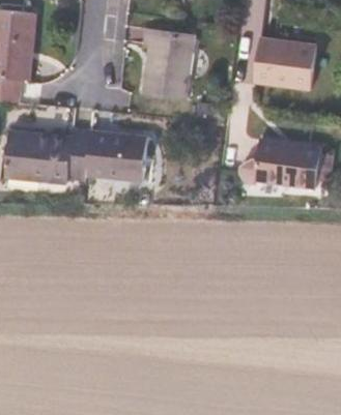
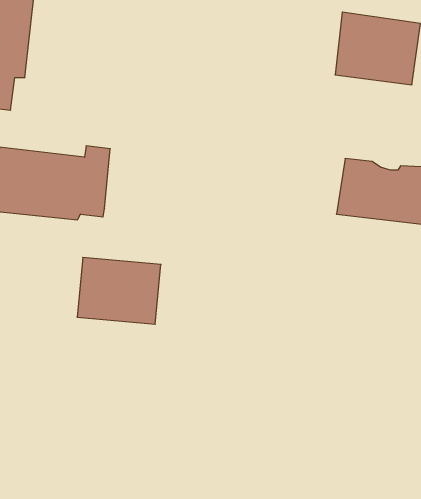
building: [141,30,193,100] -> none
building: [85,132,146,181] -> [77,257,161,324]

